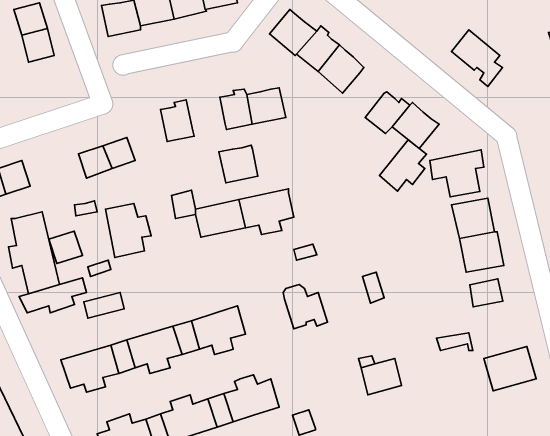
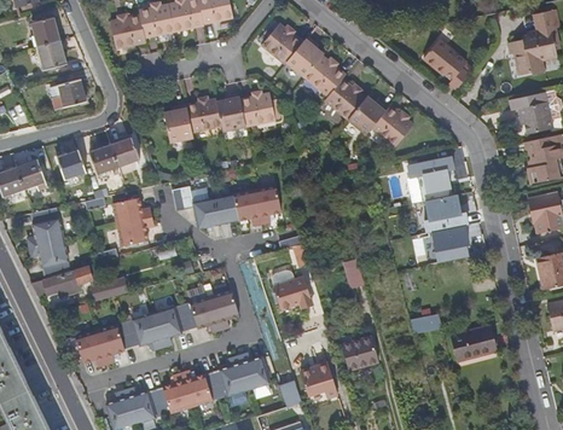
building: none -> [51,80,86,109]
building: none -> [323,80,362,120]
building: [379,140,427,191] -> none
building: [219,145,258,183] -> [185,98,220,132]
building: [49,231,82,264] -> [56,150,86,179]
building: [470,279,503,307] -> none
building: none -> [300,361,338,397]

